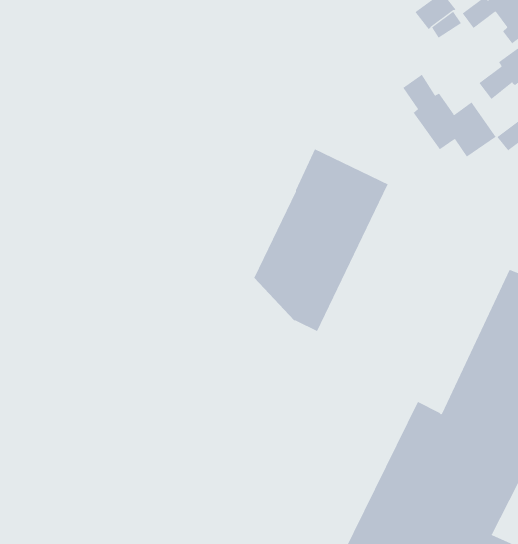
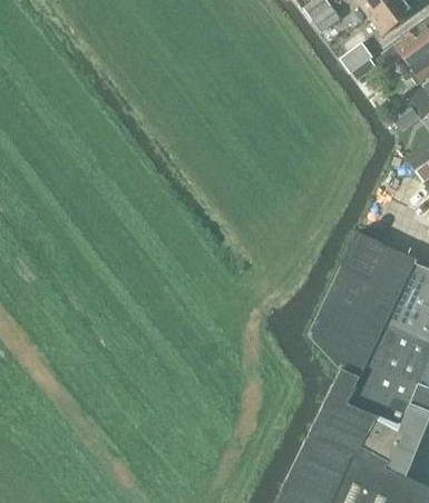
building: [402,74,497,158] -> none
building: [254,149,390,332] -> [308,231,417,378]

